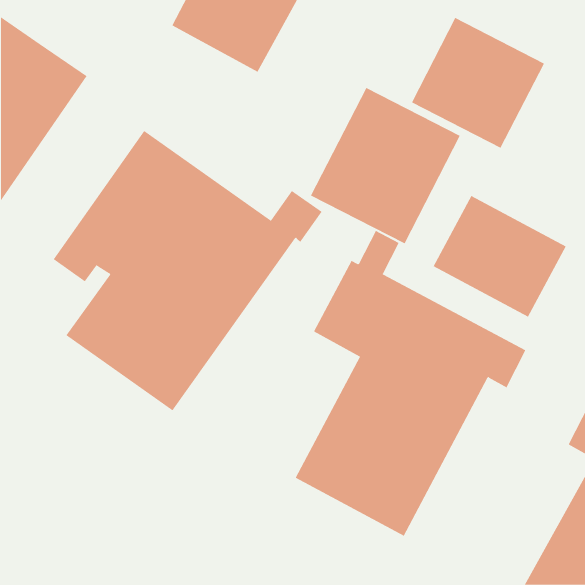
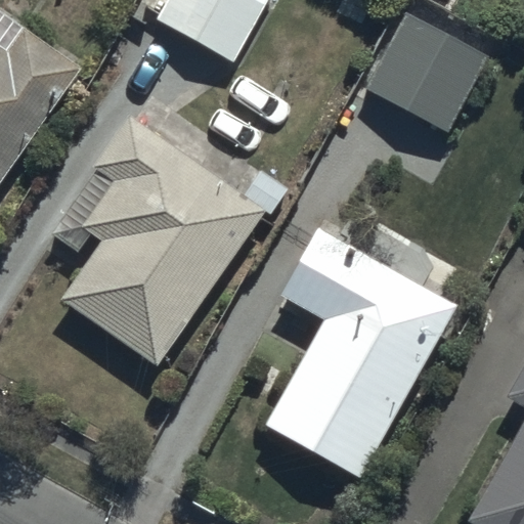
building: [310,87,460,244] -> none
building: [433,195,566,318] -> none

